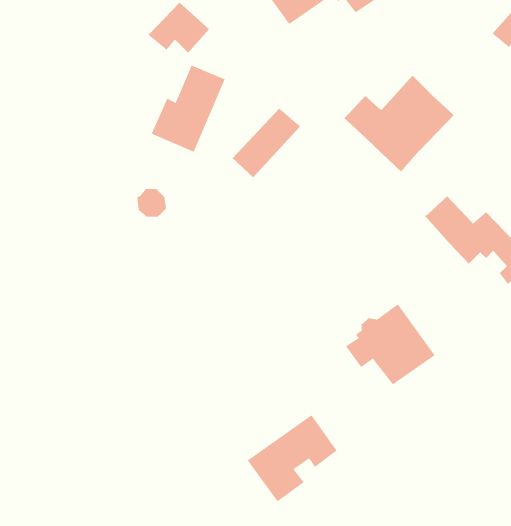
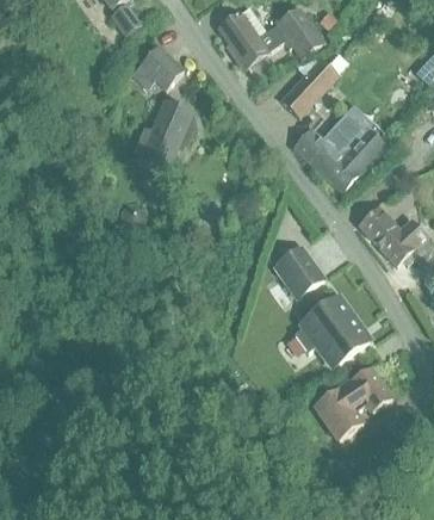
building: [232,108,301,178] -> [280,58,337,117]
building: none -> [274,247,323,297]
building: [247,415,338,502] -> [318,365,393,438]

